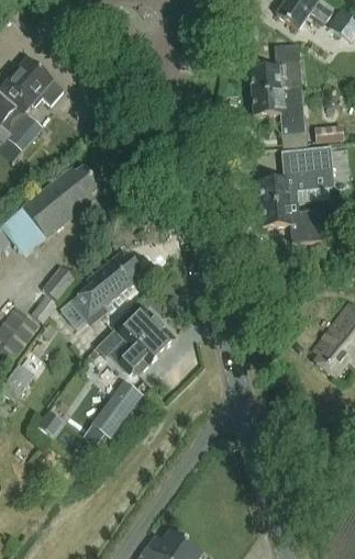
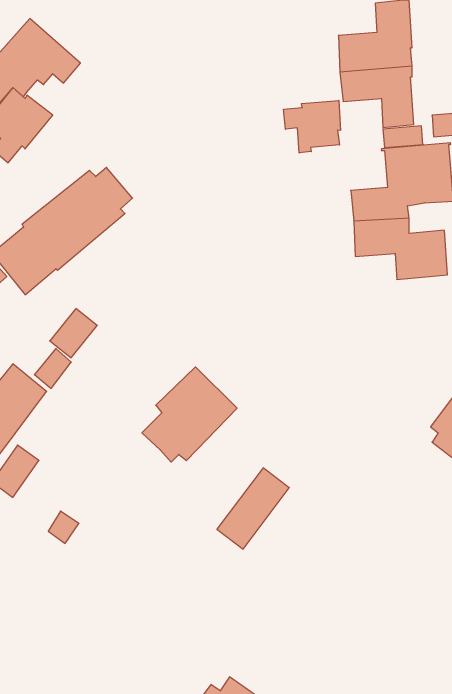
building: none -> [284,100,341,153]
building: [60,251,142,328] -> none
building: [92,379,144,437] -> [217,468,289,549]

